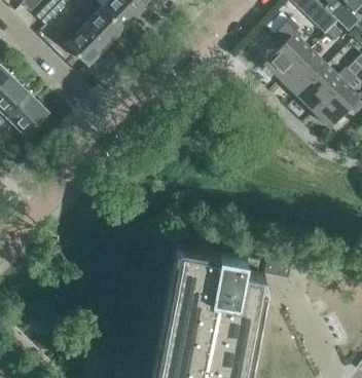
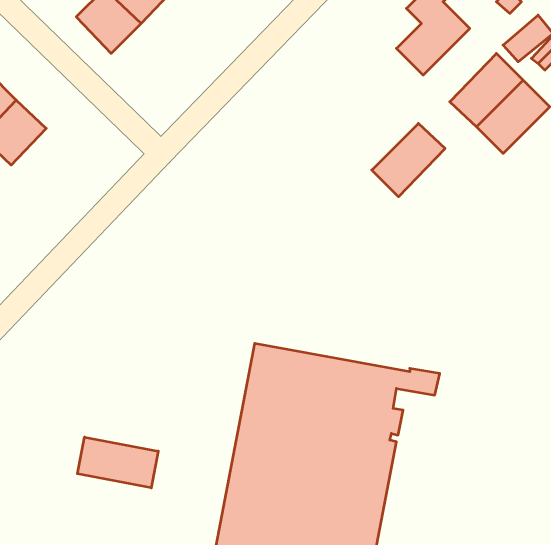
building: [280,50,325,96] -> [372,123,445,197]
building: none -> [77,437,158,488]

